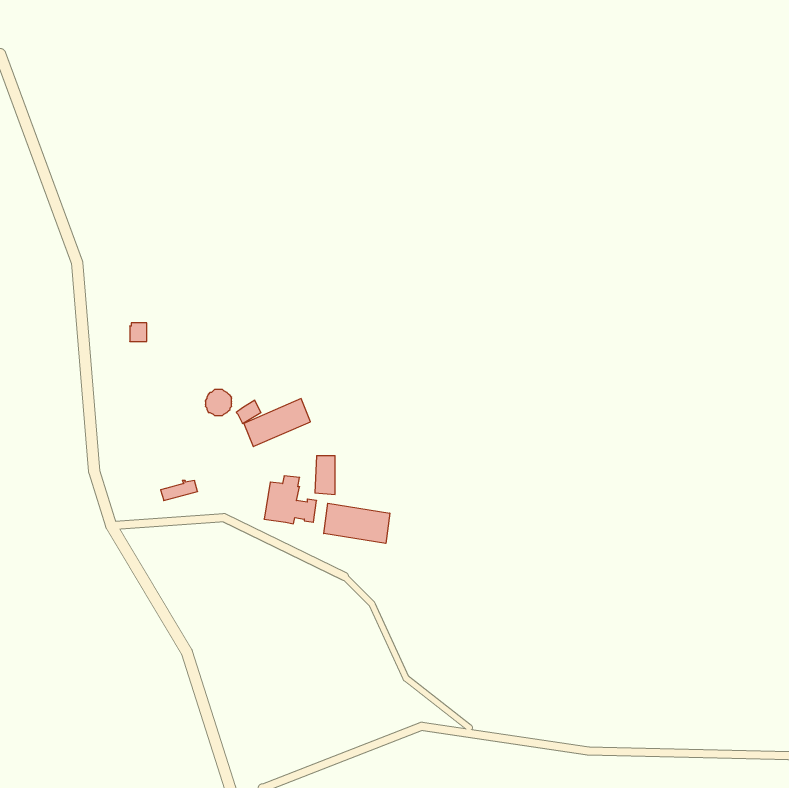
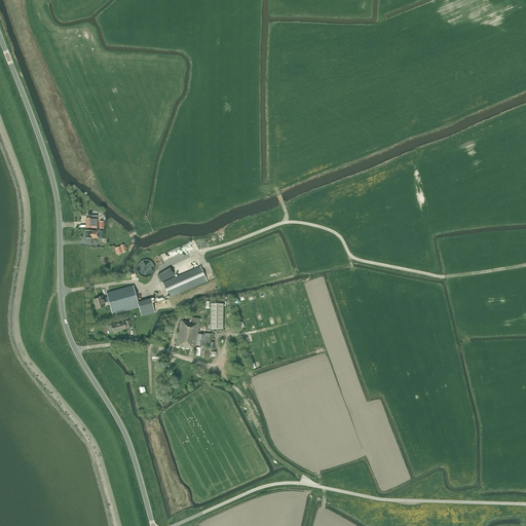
building: none -> [93,285,154,315]
building: [324,503,390,543] -> none

